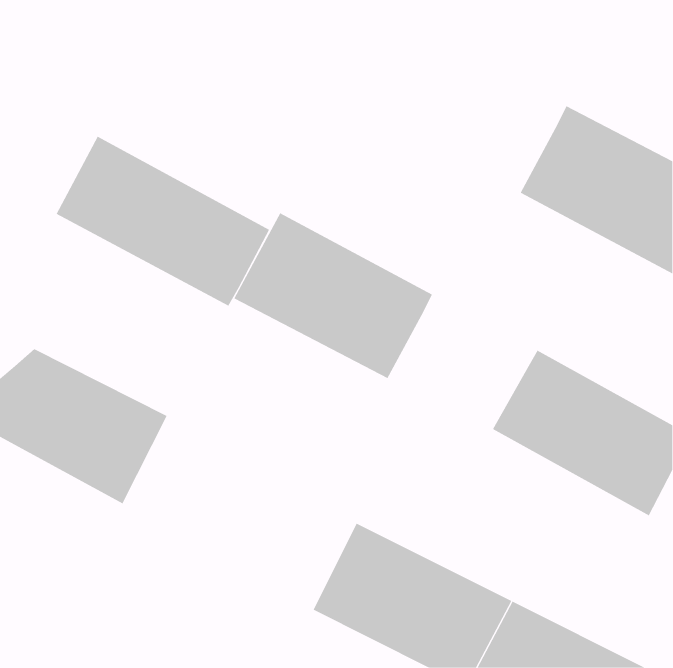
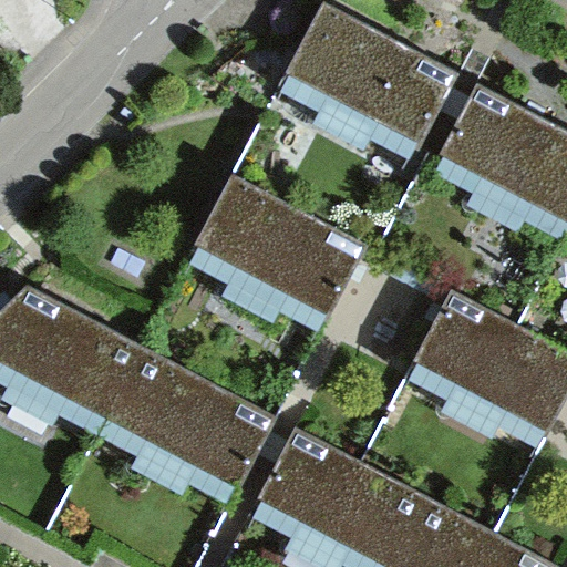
building: none -> [284,9,455,153]
building: [56,136,270,306] -> none
building: none -> [103,349,271,488]

